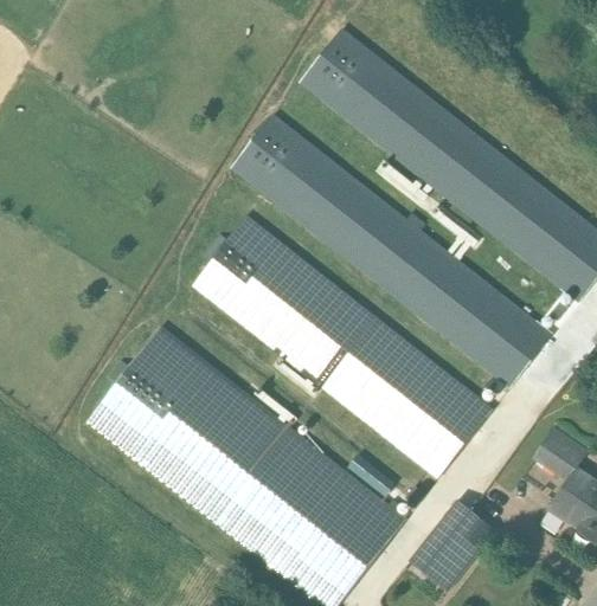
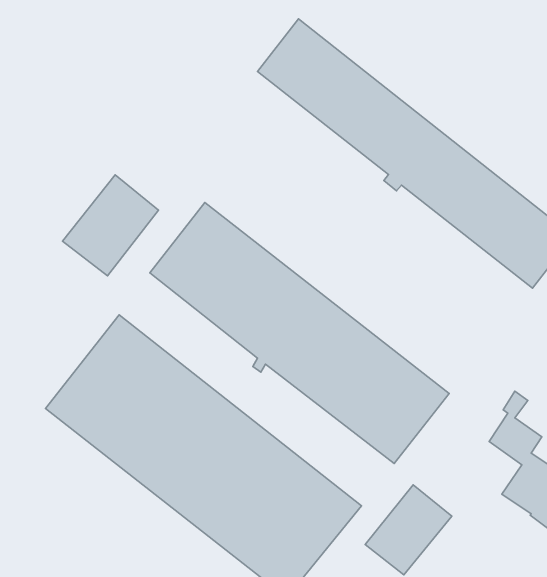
building: [232,115,552,387] -> none
building: none -> [63,175,159,276]

